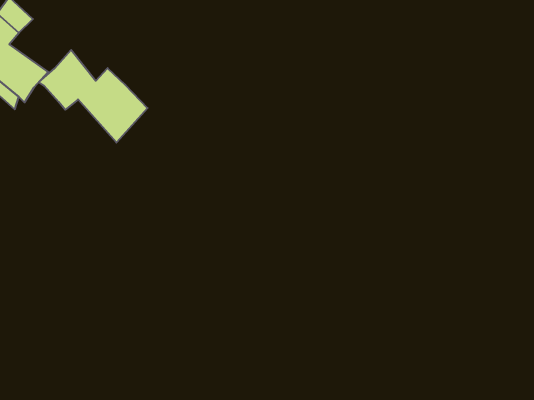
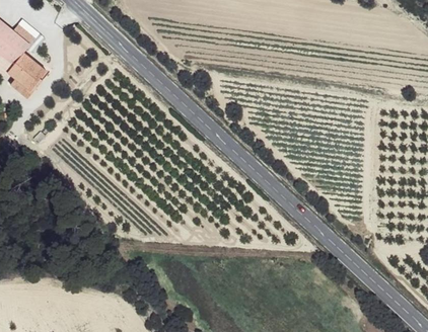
building: [39,50,148,143] -> none

